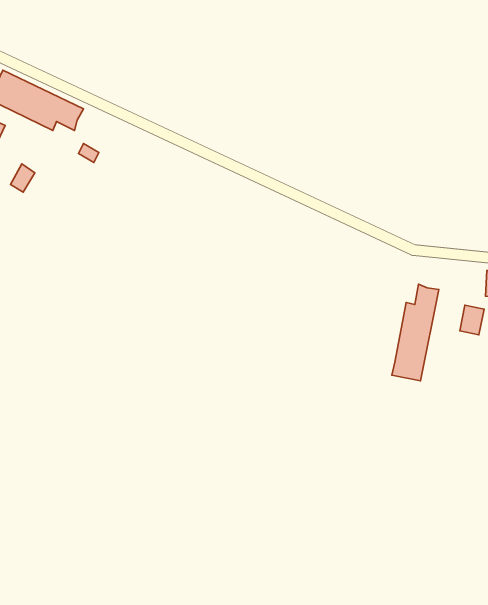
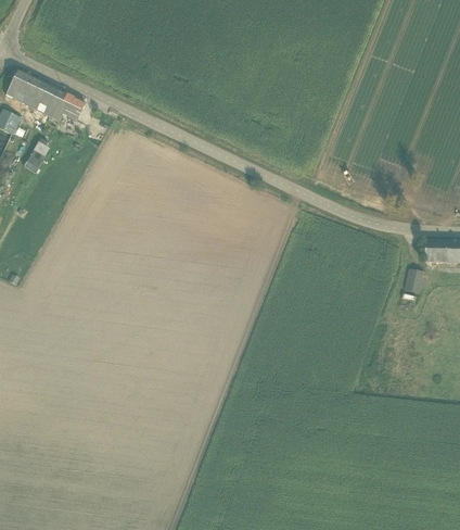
building: [392,284,439,381] -> none

